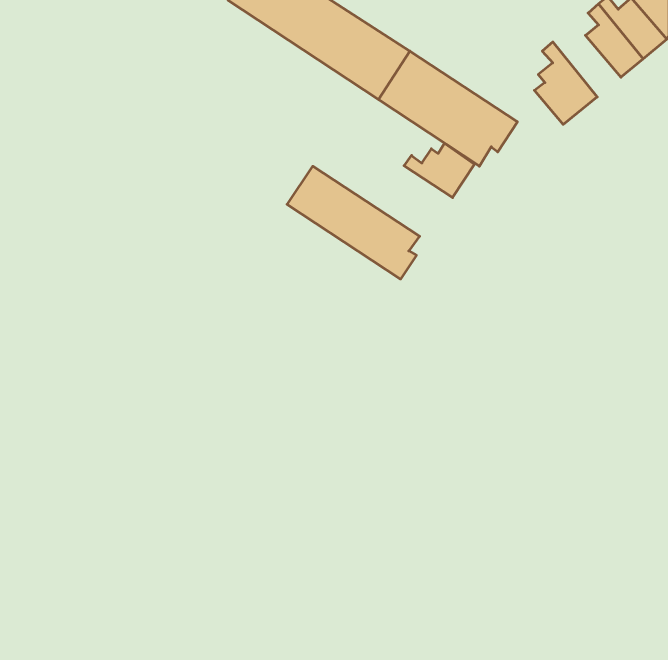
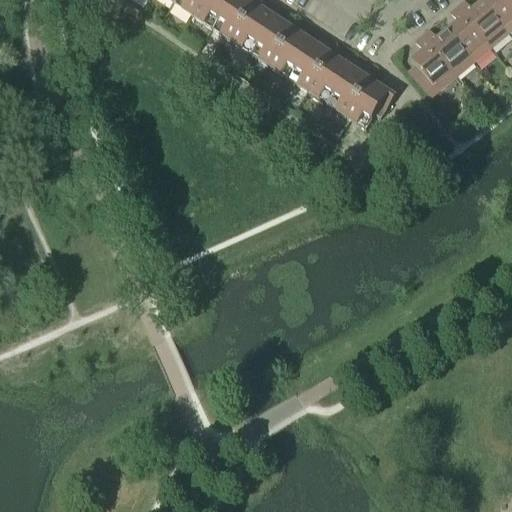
building: none -> [423,26,475,74]
building: [404,143,475,198] -> none
building: [287,166,420,279] -> none

